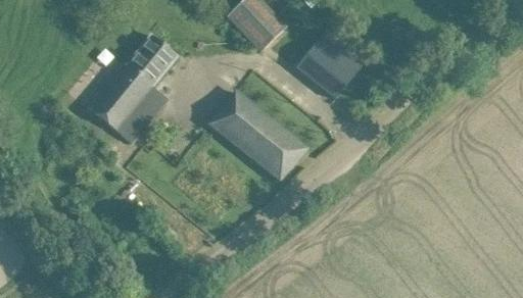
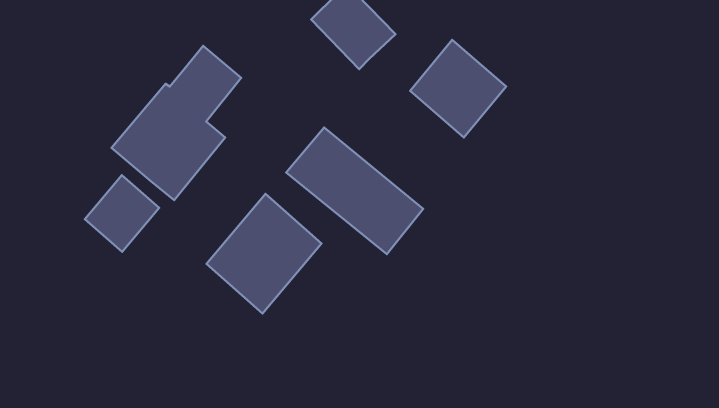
building: none -> [85,175,159,252]
building: none -> [206,194,322,313]

